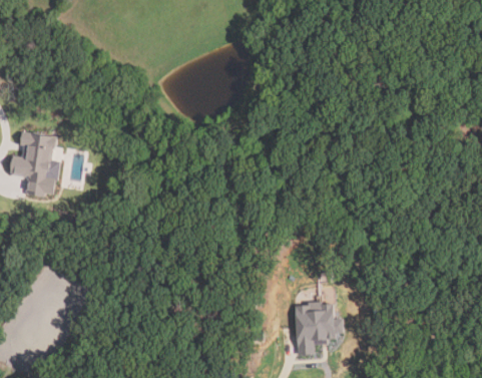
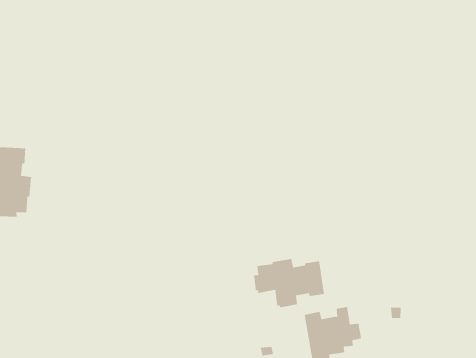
building: none -> [254,258,325,308]

